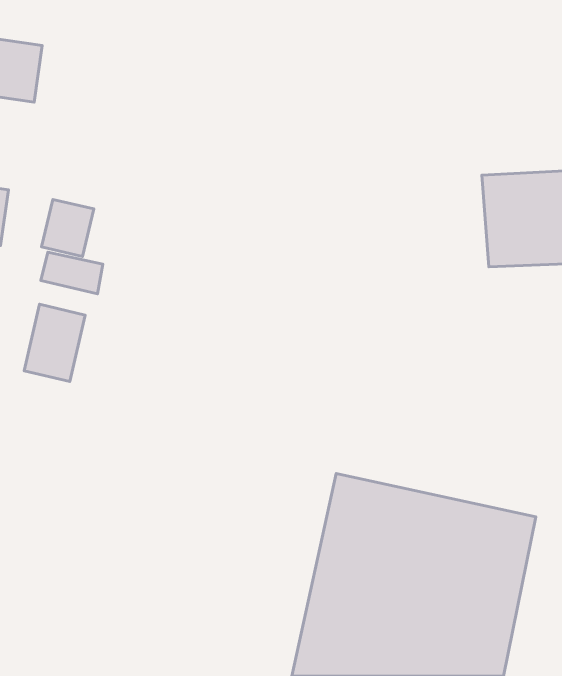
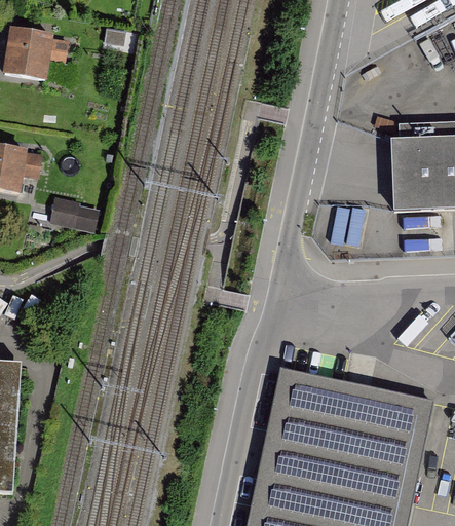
building: [41,199,94,256] -> none
building: [24,304,85,382] -> none

